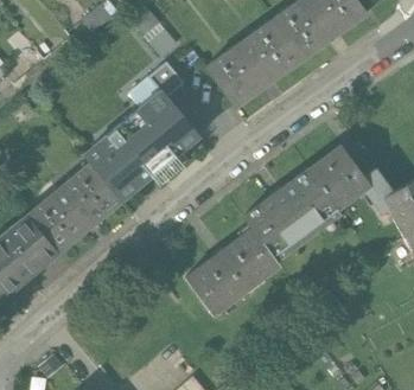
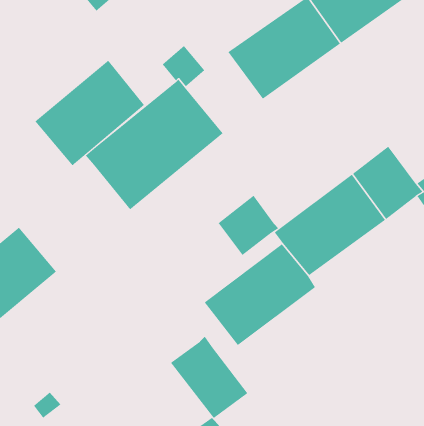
building: [27,162,121,252] -> [34,60,145,166]
building: none -> [218,195,279,256]
building: none -> [170,336,248,419]

